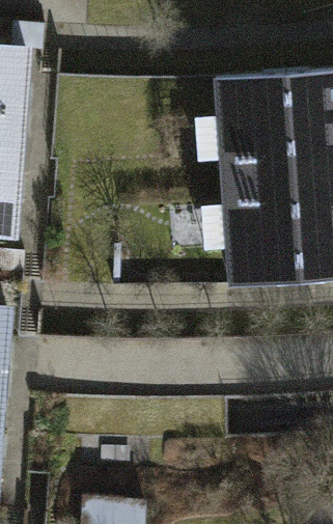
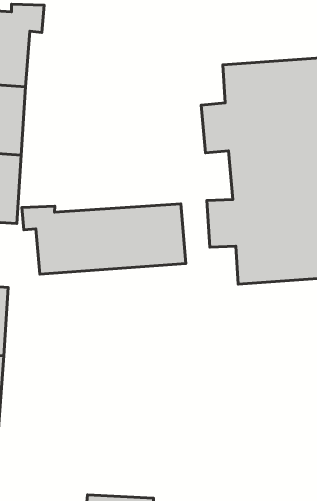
building: none -> [22,204,186,274]

